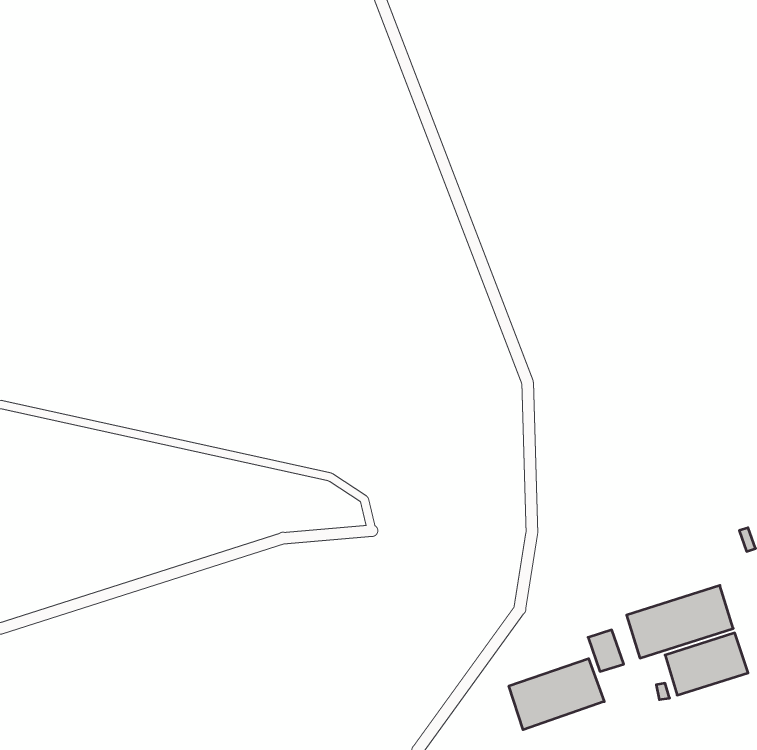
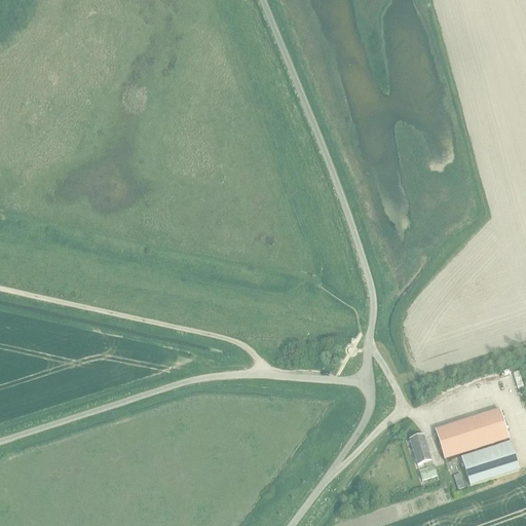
building: [509,659,604,730] -> none

